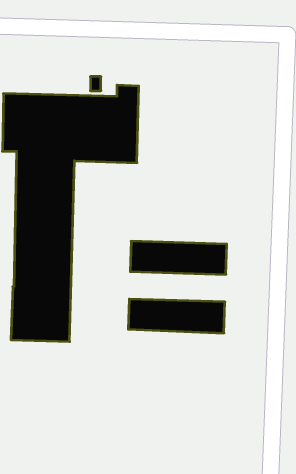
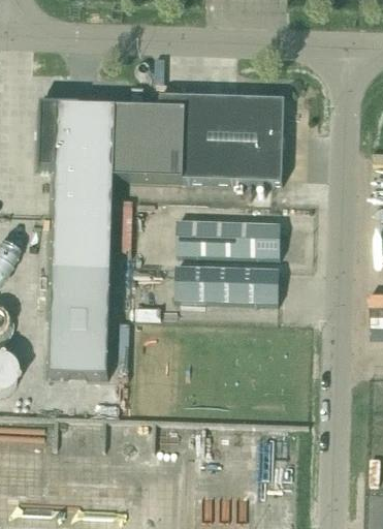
building: none -> [183,95,286,182]
building: [128,299,225,333] -> [177,220,282,257]

